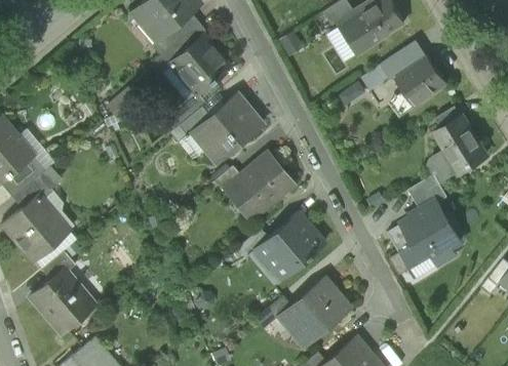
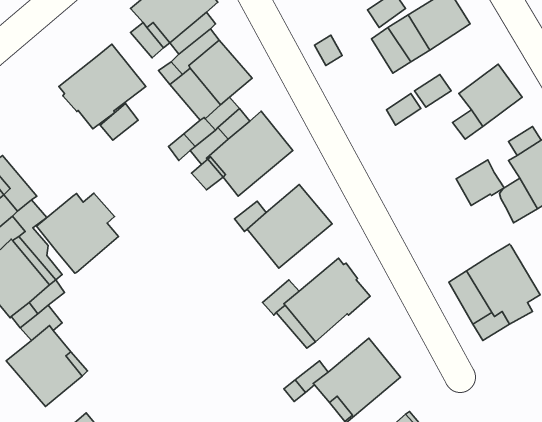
building: [381,39,428,79] -> none
building: none -> [59,44,146,129]
building: none -> [36,193,119,273]
building: [409,173,448,210] -> [456,160,504,206]

